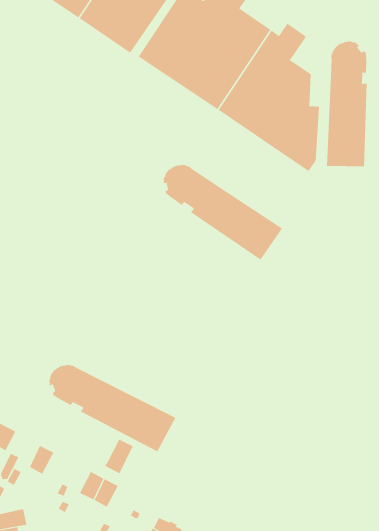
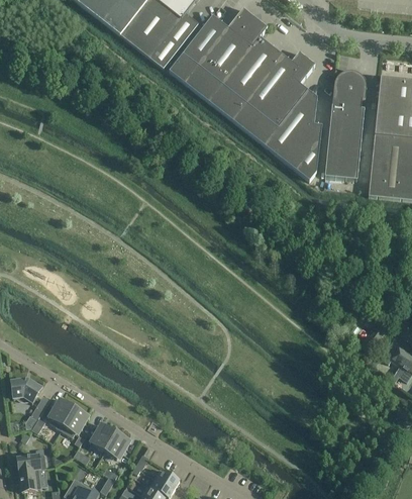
building: [163,164,283,260] -> none
building: [49,364,176,452] -> none
building: [104,439,133,474] -> [60,406,86,436]

